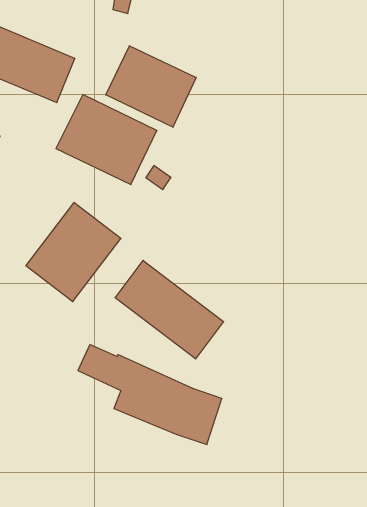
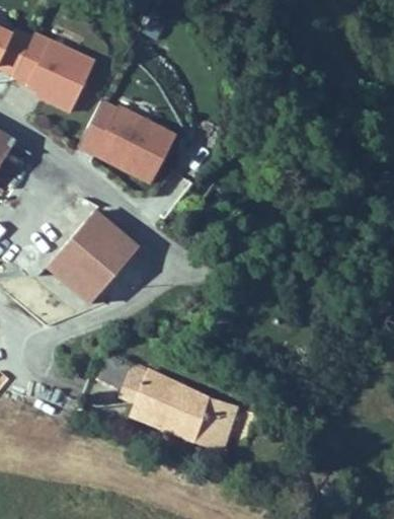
building: [106,46,196,127] -> none
building: [115,260,224,359] -> none

